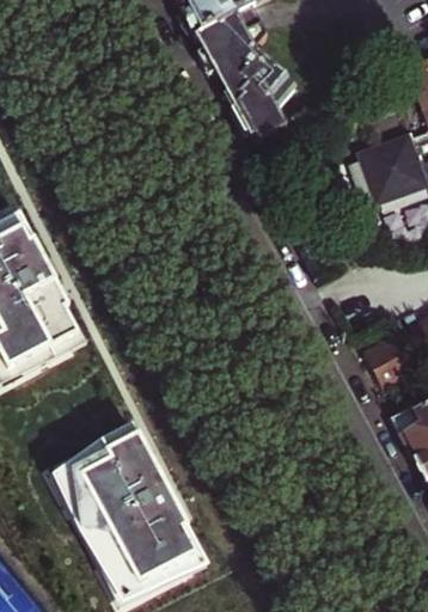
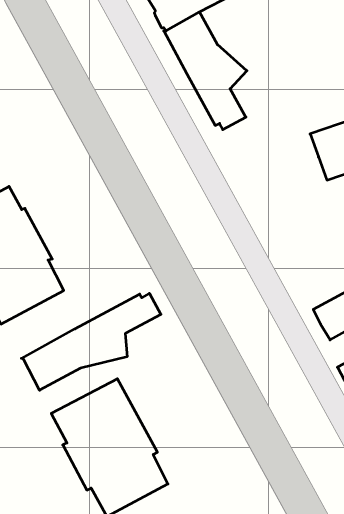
building: none -> [21,293,161,390]

